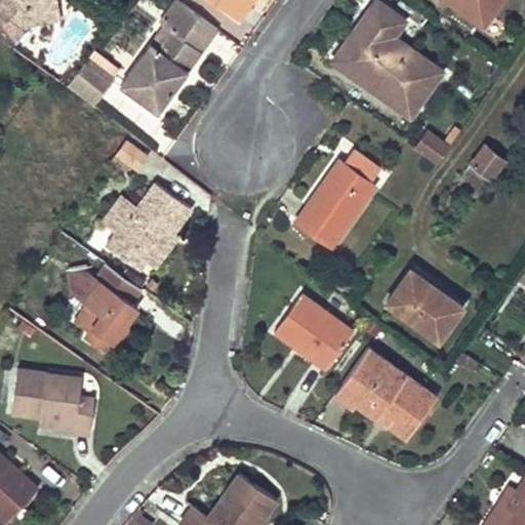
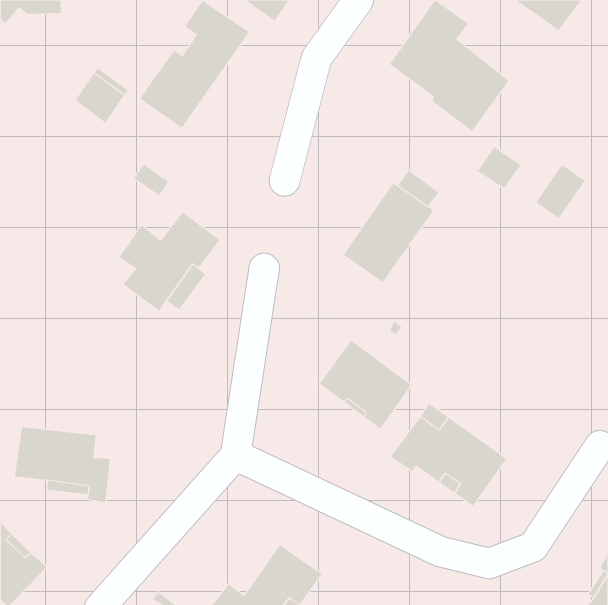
building: [75,265,145,347] -> none
building: [387,269,461,339] -> none

